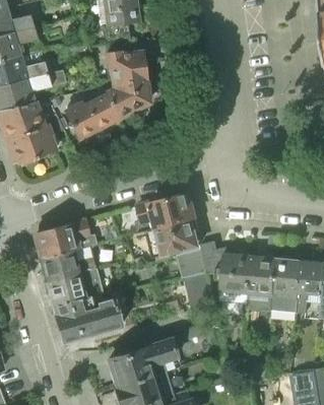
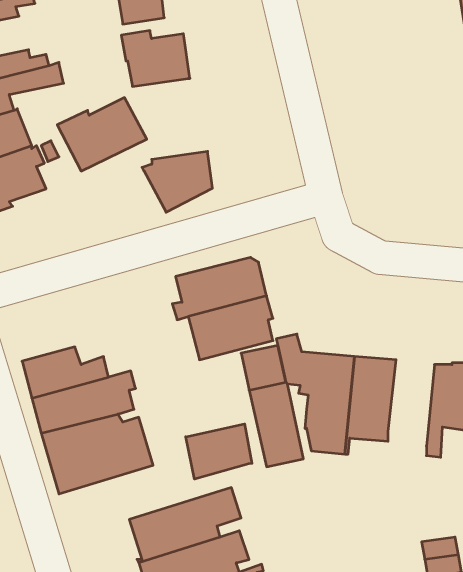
building: [104,79,148,118] -> [142,151,212,212]
building: [34,220,98,259] -> none
building: [272,256,302,313] -> none
building: none -> [186,424,252,479]

